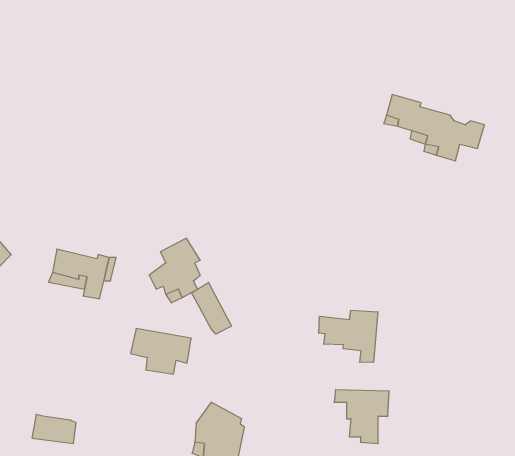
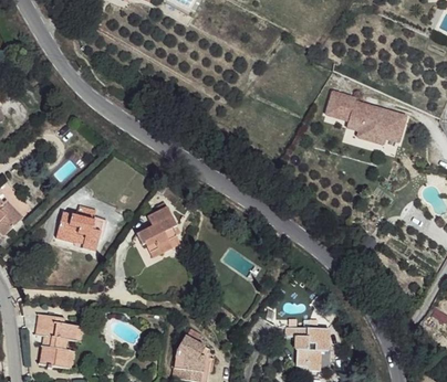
building: [191,282,231,334] -> none
building: [319,310,378,362] -> none
building: [131,329,191,374] -> [39,315,87,351]

